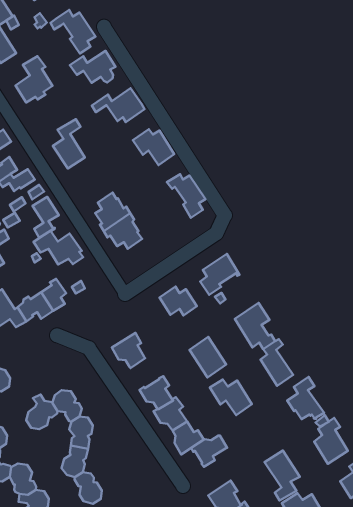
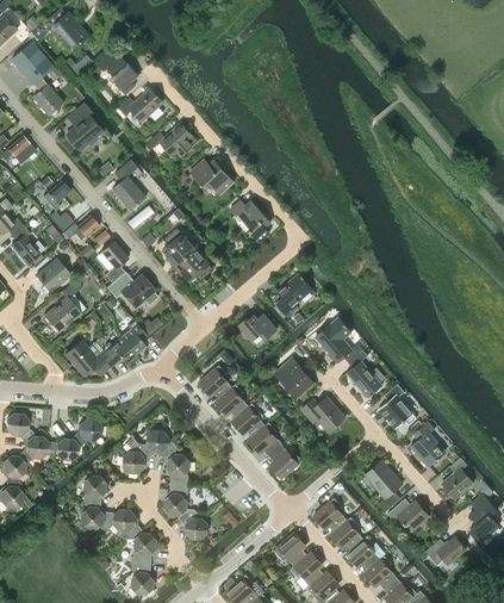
building: none -> [214,383,249,417]
building: [191,435,227,467] -> none

